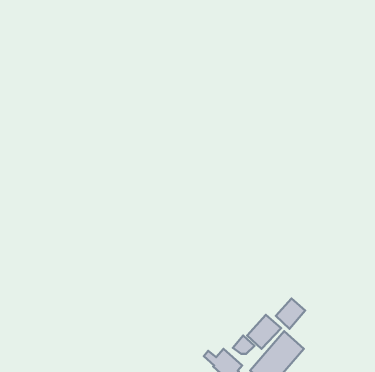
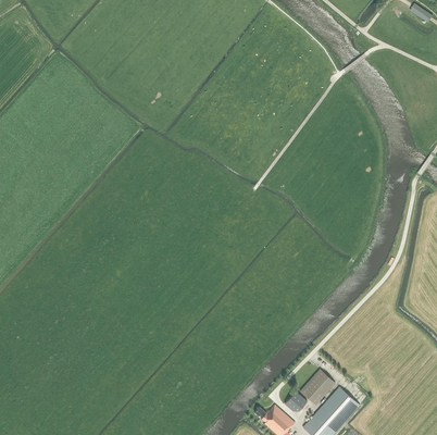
building: [276,298,305,329] -> none

